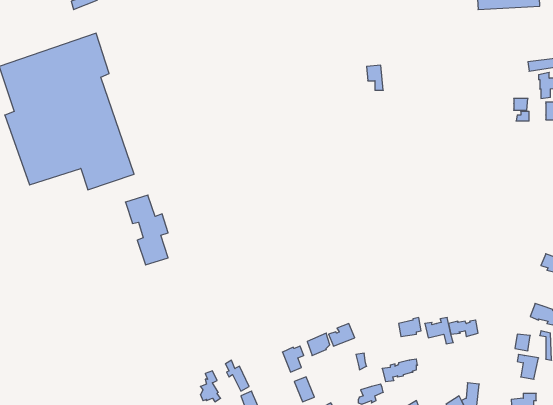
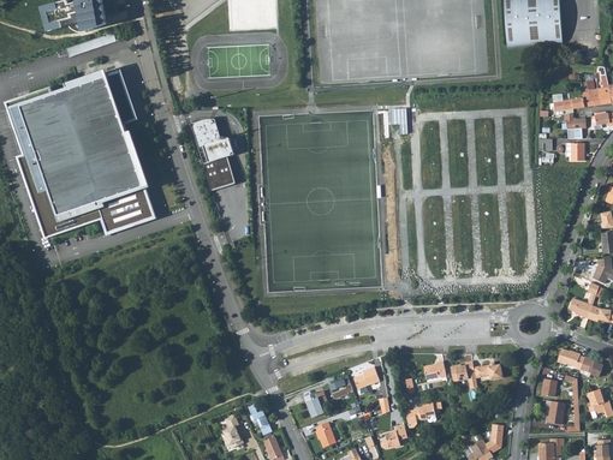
building: [125,195,168,265] -> [191,117,234,187]

